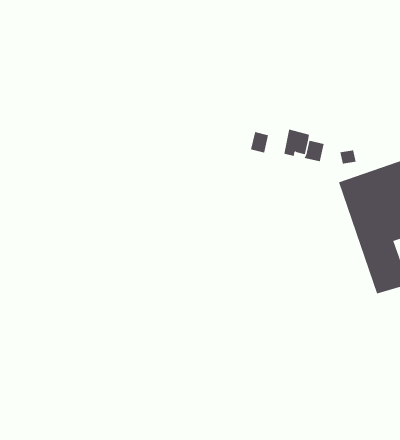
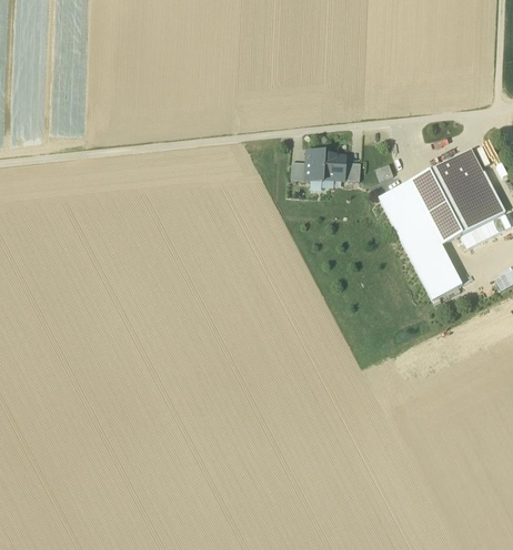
building: none -> [304,151,323,182]

